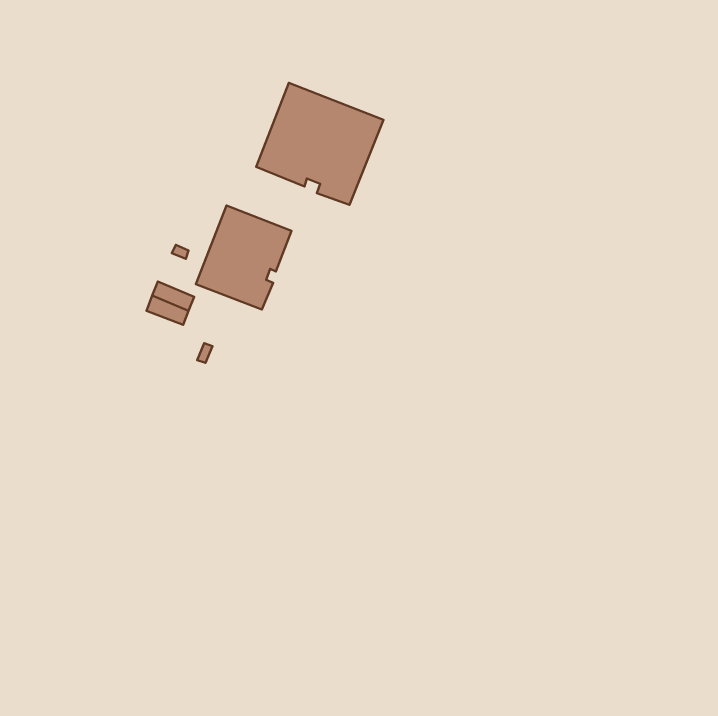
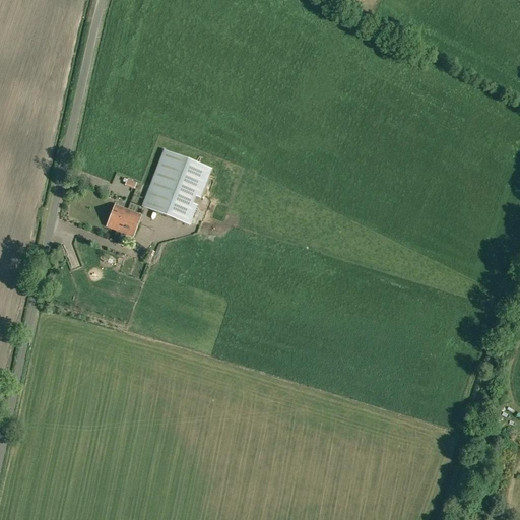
building: [256,83,383,205] -> none

